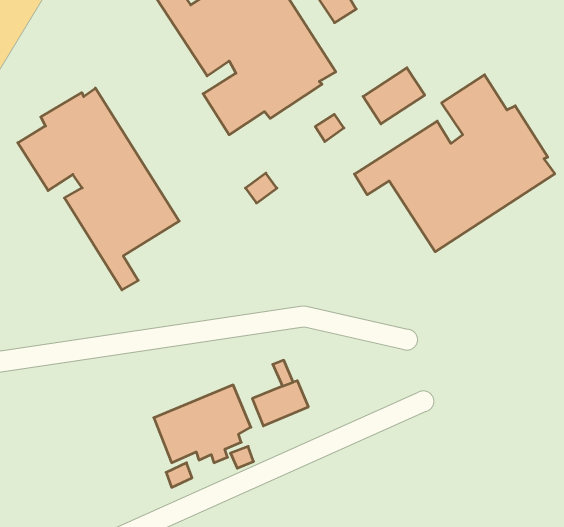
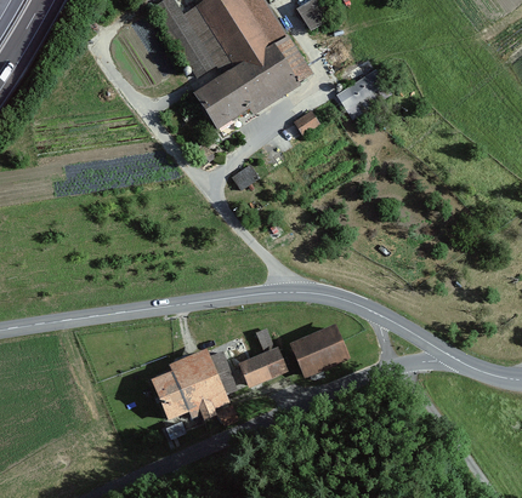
building: [354,75,555,252] -> none
building: [18,88,179,290] -> none
building: none -> [290,324,350,377]

